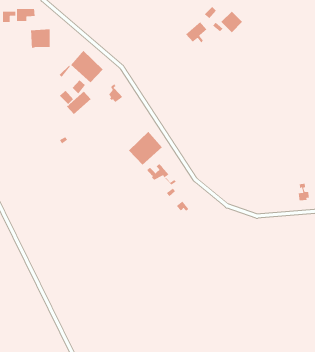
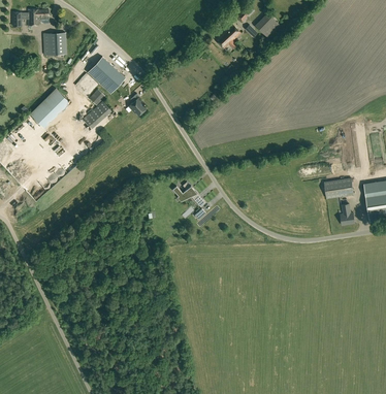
building: none -> [30,88,70,128]
building: [128,131,163,166] -> none
building: none -> [324,177,354,198]

